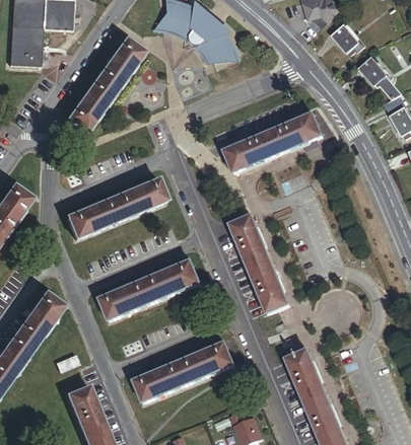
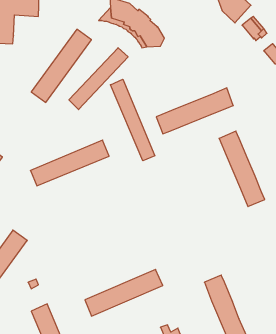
building: none -> [69,48,128,110]
building: none -> [110,79,155,161]
building: [230,217,288,312] -> [219,131,265,207]
building: [100,262,199,320] -> none

